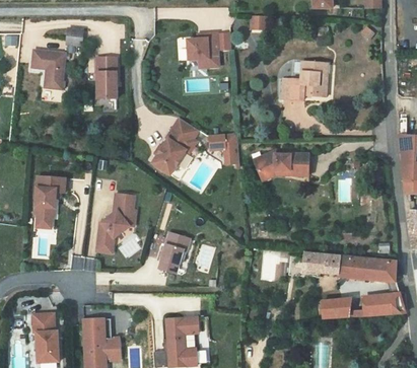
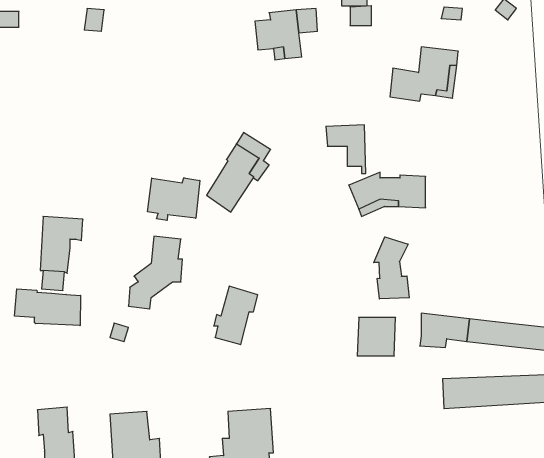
building: [29,54,62,93] -> none
building: [87,56,112,99] -> none
building: [209,137,237,171] -> [326,125,366,173]
building: none -> [148,178,200,220]
building: none -> [374,237,409,299]
building: none -> [15,289,81,326]

